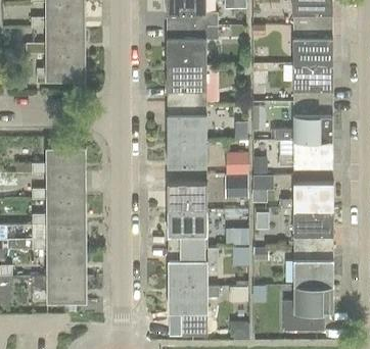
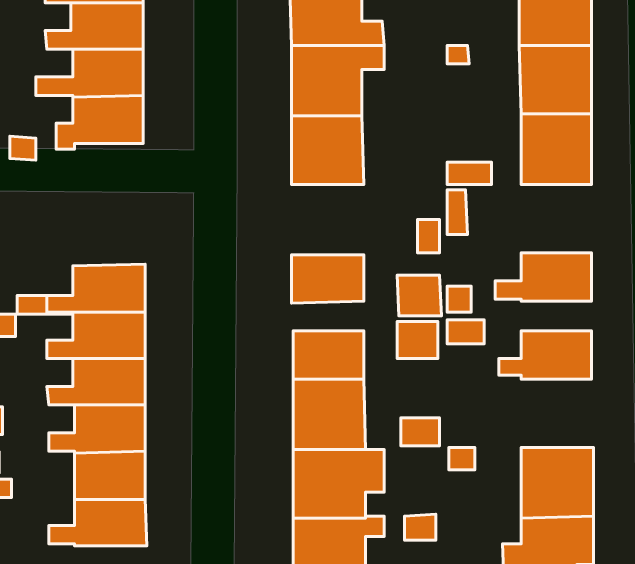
building: [167,103,206,142] -> none
building: [275,103,332,141] -> none
building: [293,210,333,248] -> none

